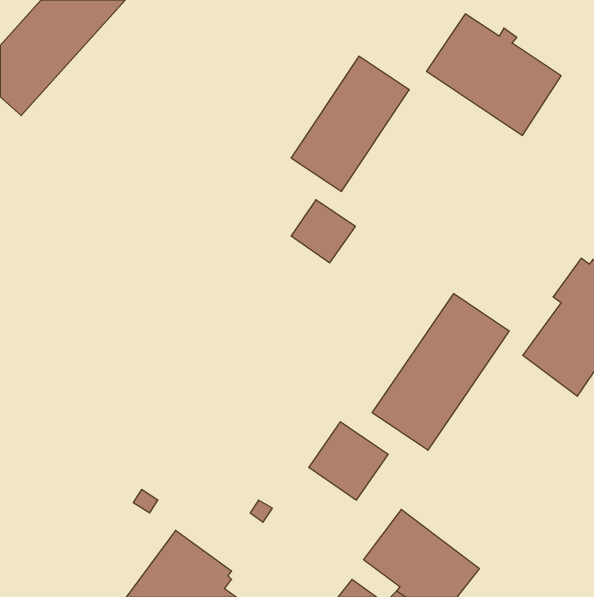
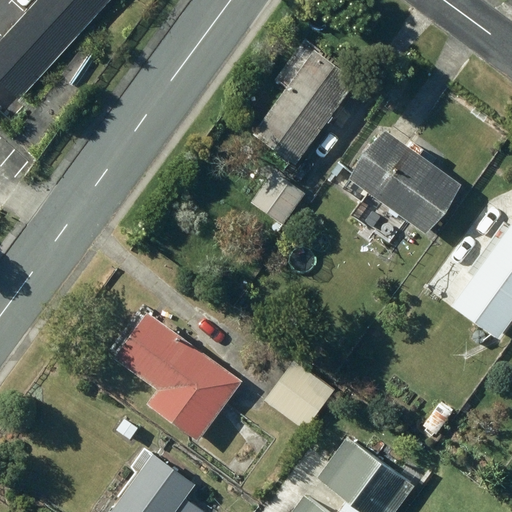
building: [427,14,561,135] -> [345,129,460,233]
building: [372,294,509,450] -> none
building: none -> [113,314,241,443]

